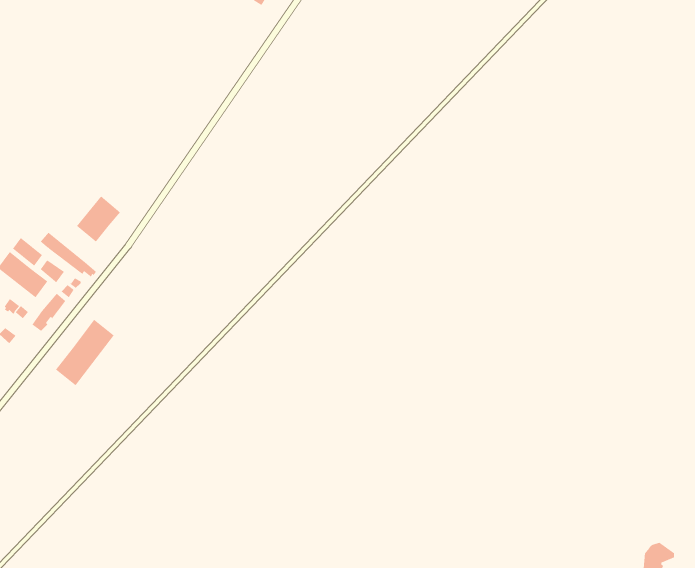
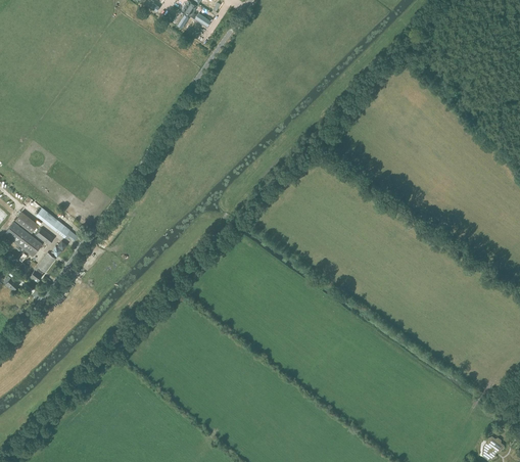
building: [76,196,121,243] -> none
building: [55,319,114,386] -> none

